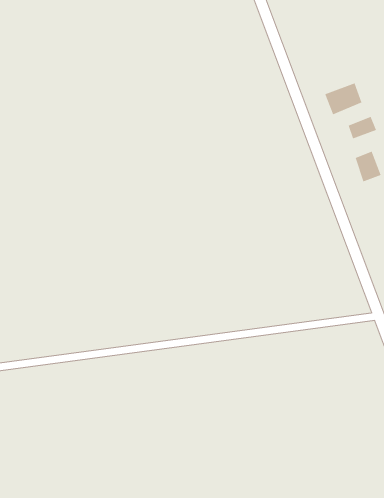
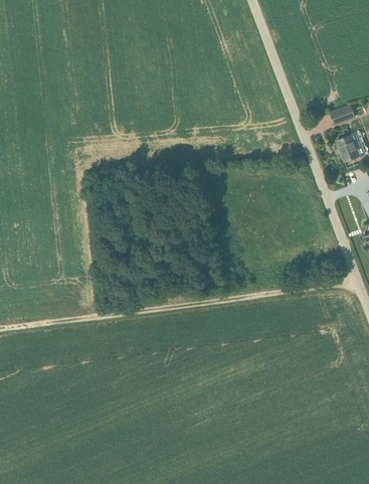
building: [325,82,362,115] -> none

